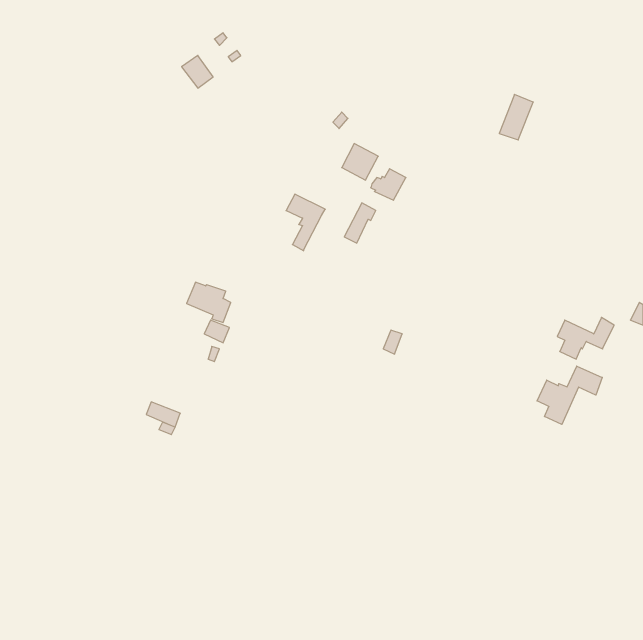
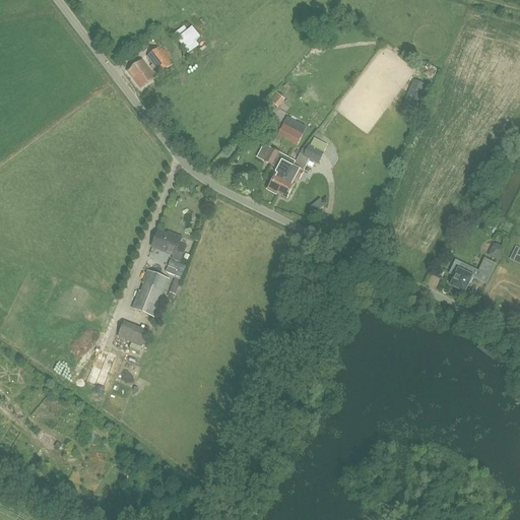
building: none -> [126,57,154,86]
building: [286,194,325,251] -> [263,146,295,192]
building: none -> [132,268,168,315]
building: [537,366,602,424] -> none

